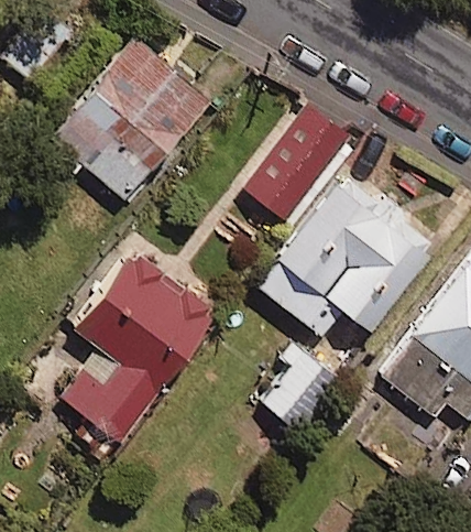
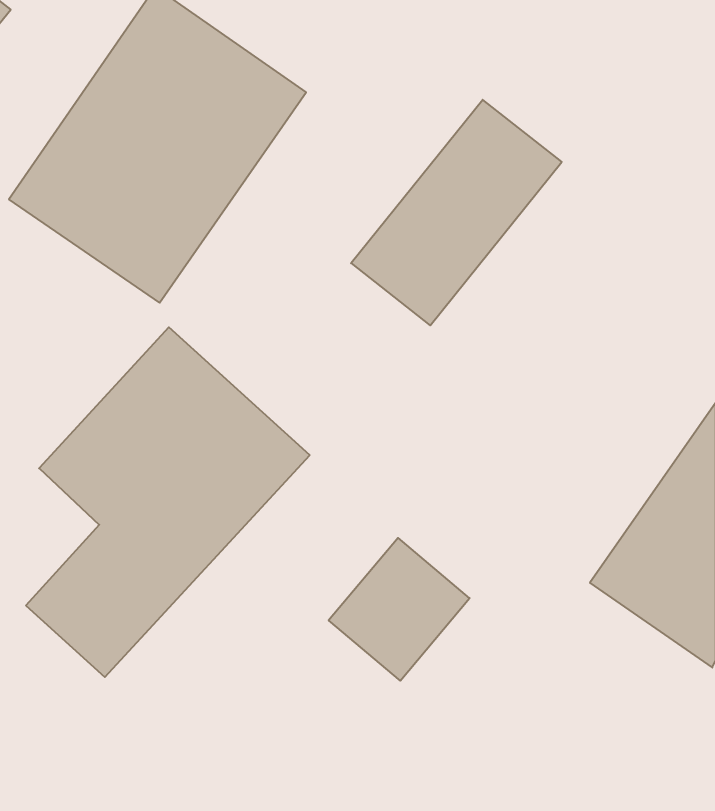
building: [281,170,448,343] -> none

